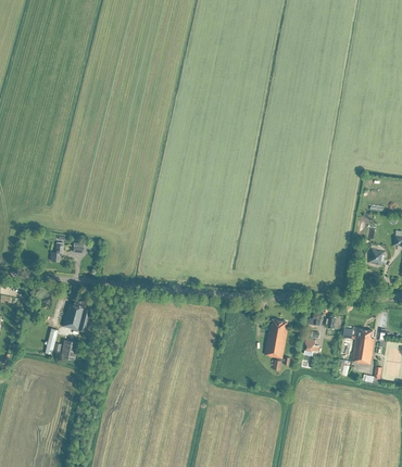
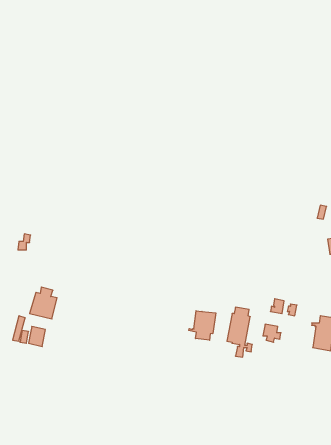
building: none -> [189,311,216,340]

